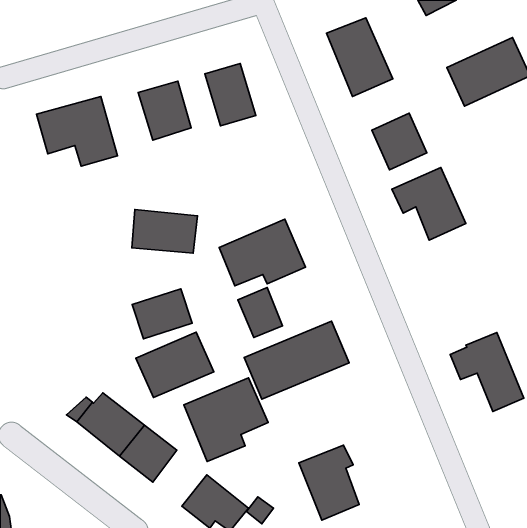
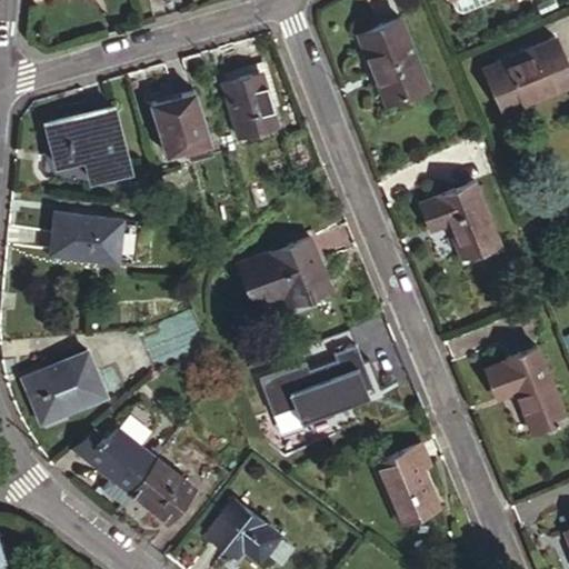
building: [372,113,427,170] -> none
building: [132,210,197,253] -> [51,213,121,260]
building: [238,288,282,337] -> none
building: [136,332,214,398] -> [24,353,108,423]
building: [184,378,268,461] -> none
building: [299,445,359,520] -> [376,448,440,528]

